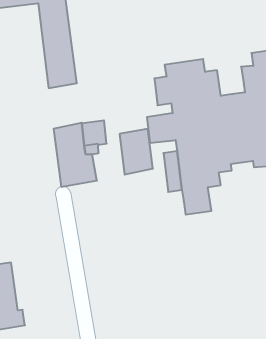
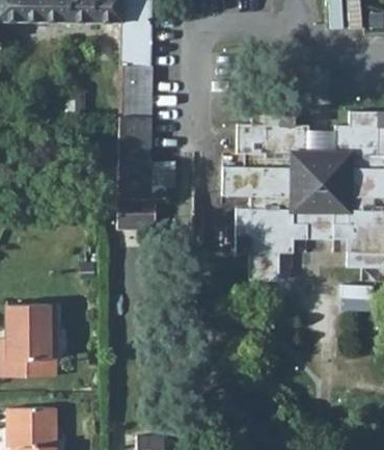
building: [120,129,153,175] -> [118,117,152,164]

